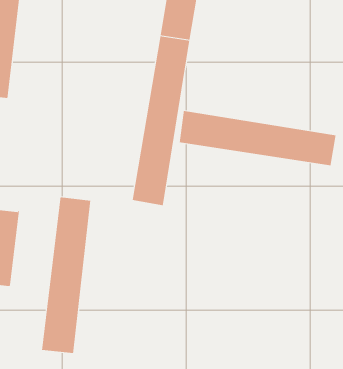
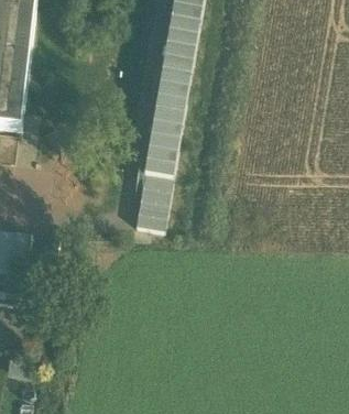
building: [179,110,336,166] -> none
building: [41,196,91,354] -> none

